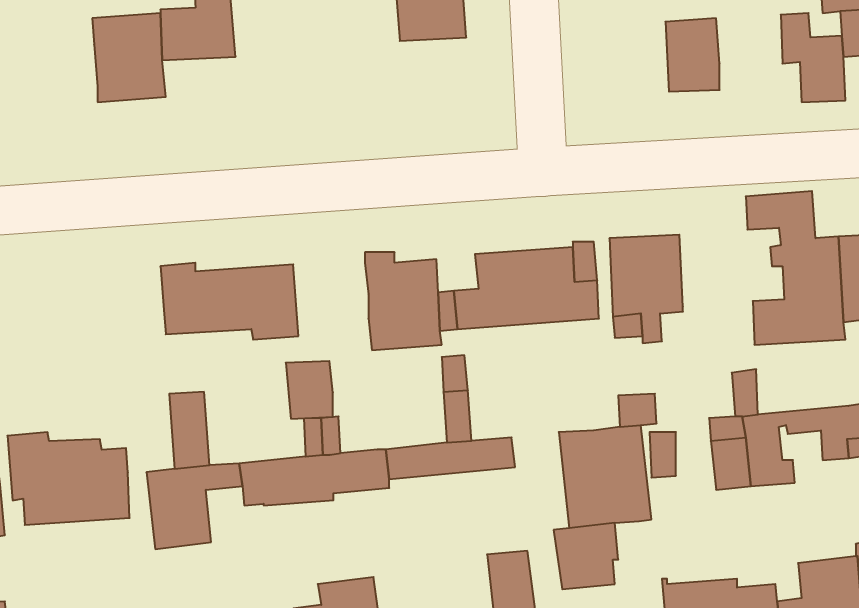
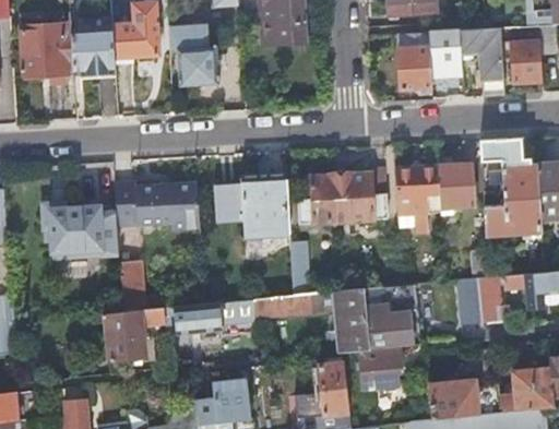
building: none -> [21,23,74,85]
building: none -> [169,23,219,86]
building: none -> [461,27,504,96]
building: none -> [396,32,432,90]
building: none -> [438,163,472,210]
building: [286,361,333,419] -> [214,182,243,218]
building: none -> [333,288,369,351]
building: [7,432,130,525] -> [41,202,118,260]

